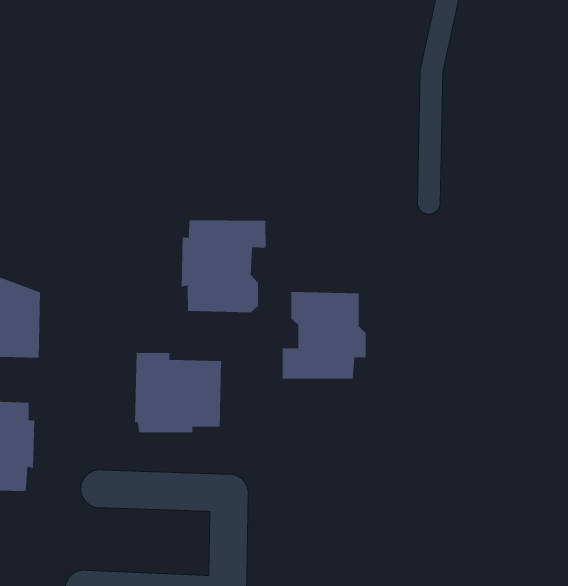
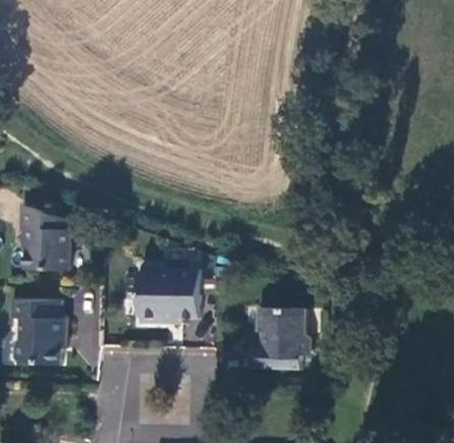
building: [181,219,266,313] -> none
building: [282,292,367,379] -> [250,308,310,370]

